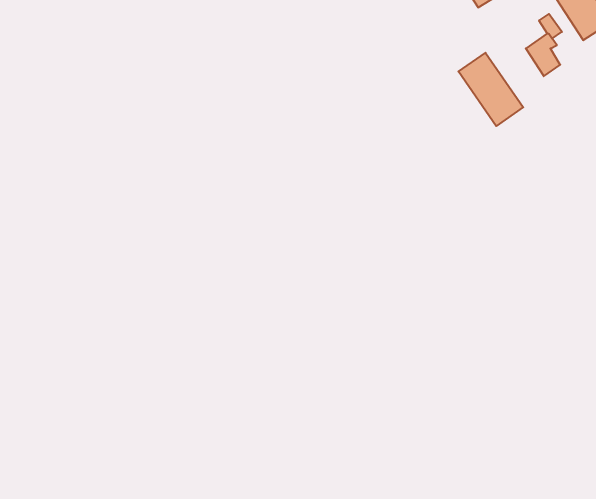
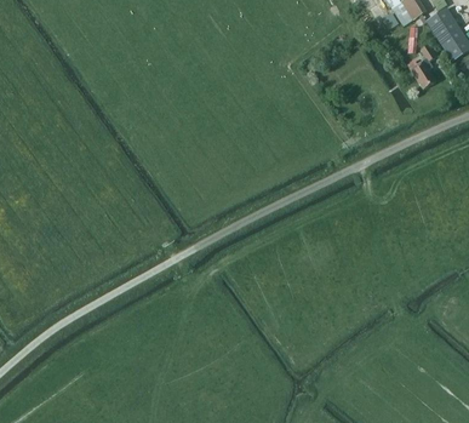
building: [458,53,523,126] -> none

